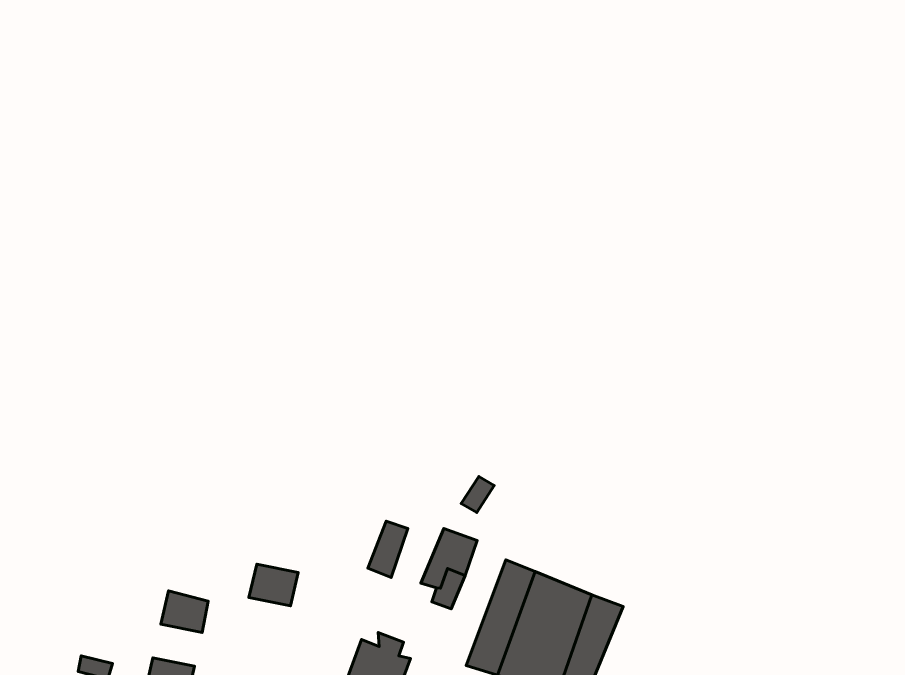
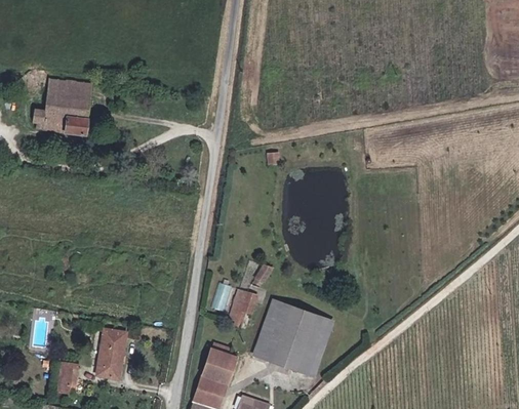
building: none -> [33,75,91,132]
building: [249,564,298,606] -> [99,349,124,369]

